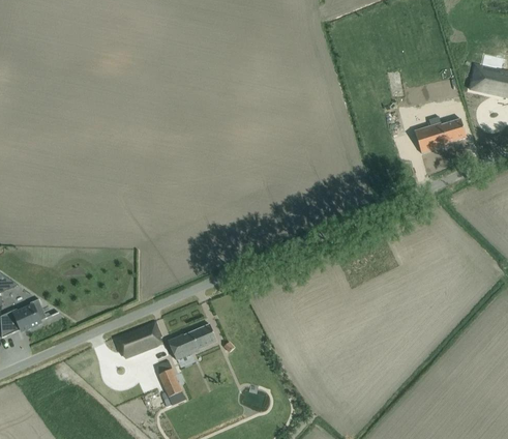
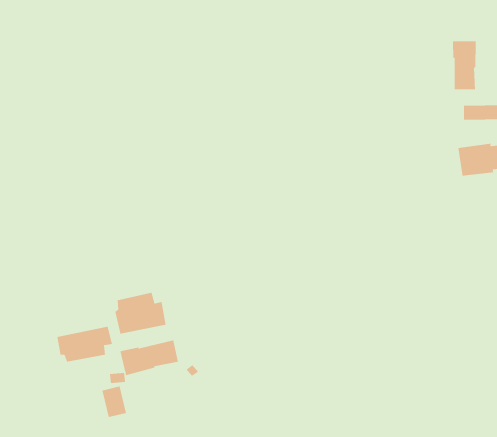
building: none -> [452,41,477,90]
building: none -> [115,292,166,335]

